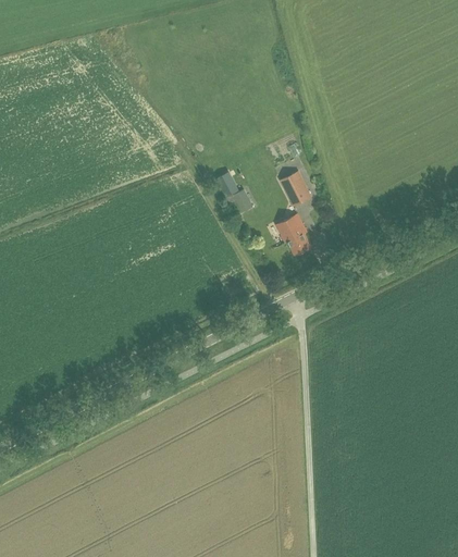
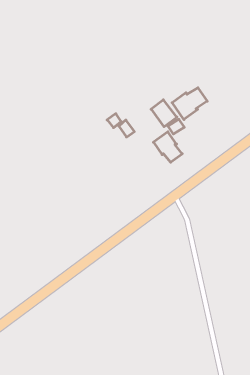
building: none -> [172,88,207,120]

